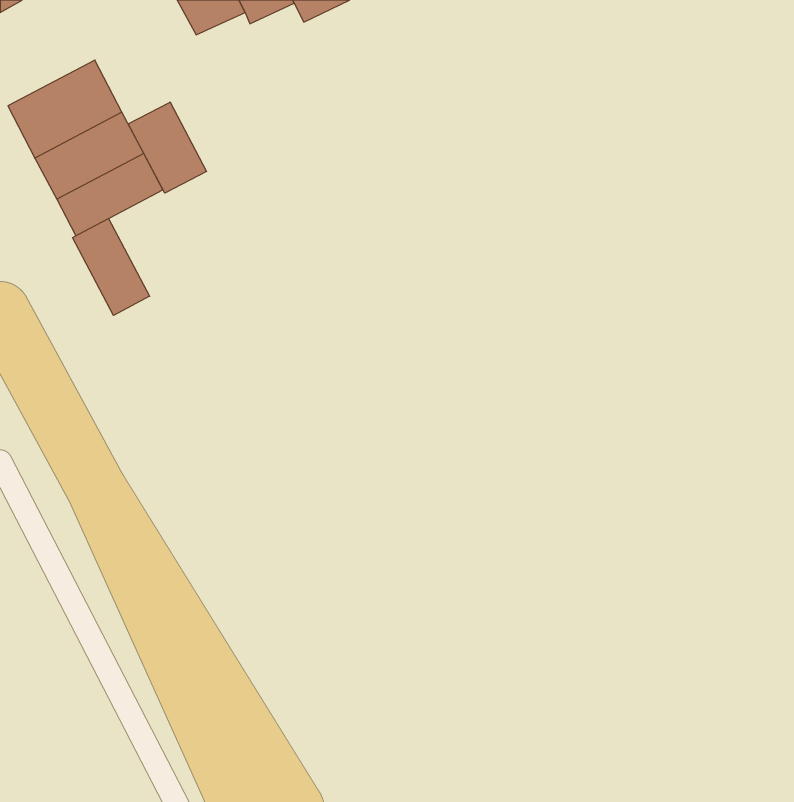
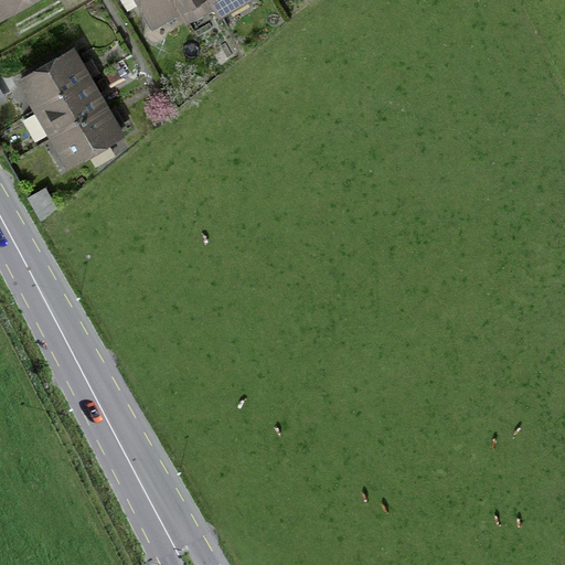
building: [128,102,207,193] -> none
building: [73,218,150,315] -> none

